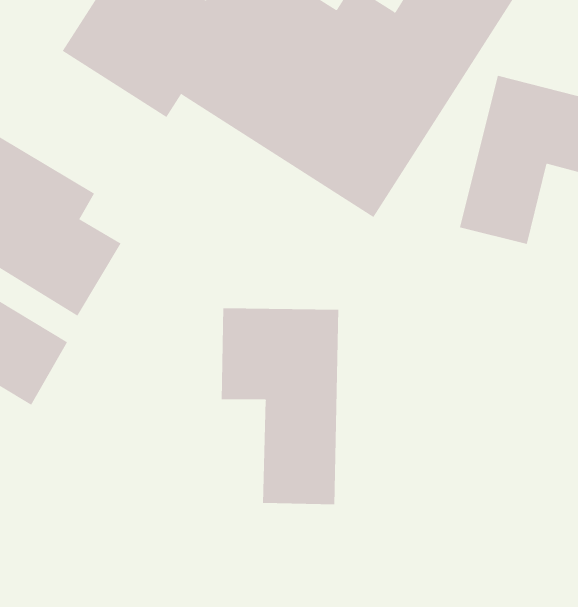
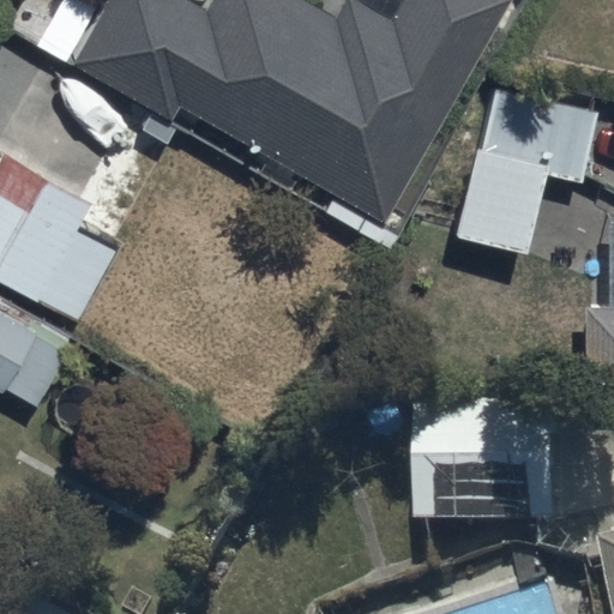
building: [221,308,339,505] -> none
building: none -> [410,414,559,540]

